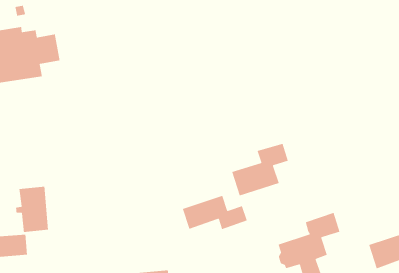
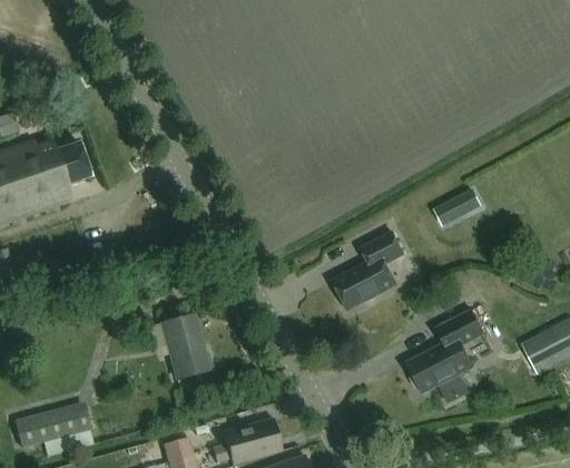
building: none -> [434,189,481,226]
building: [15,186,49,233] -> [161,313,209,378]
building: [182,195,248,230] -> none

